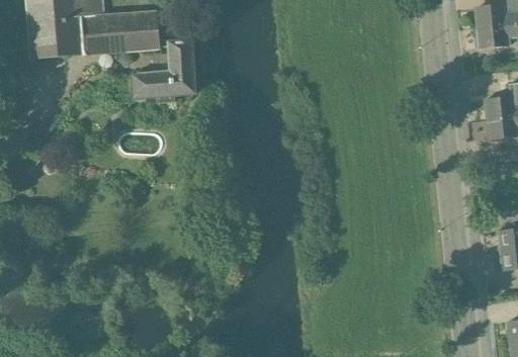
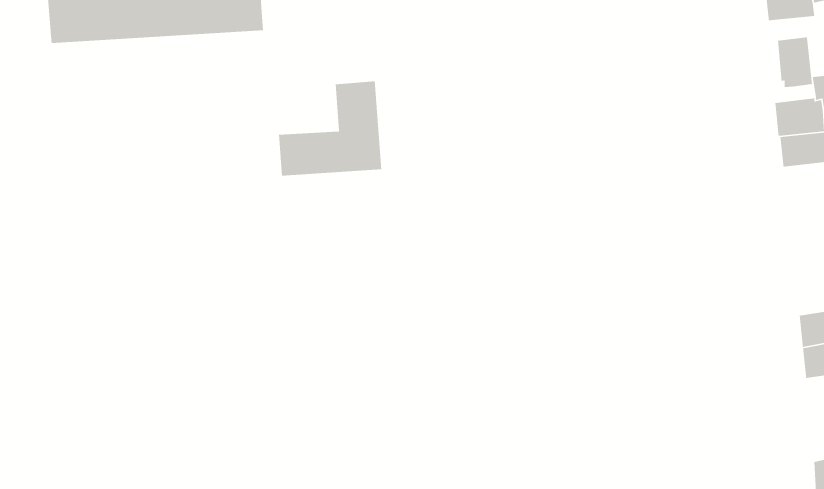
building: [135,41,199,101] -> [278,81,382,176]
building: none -> [777,36,813,88]

